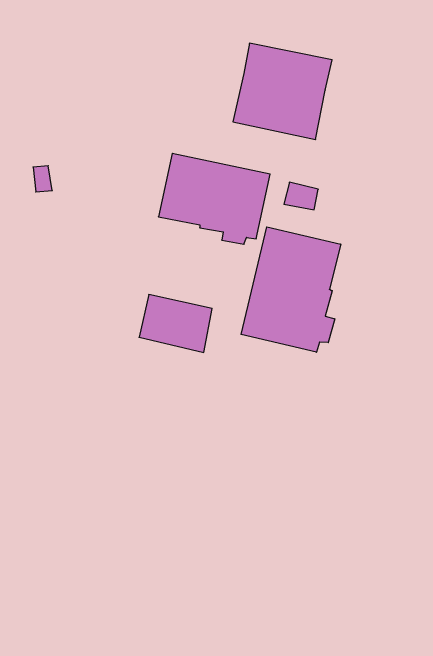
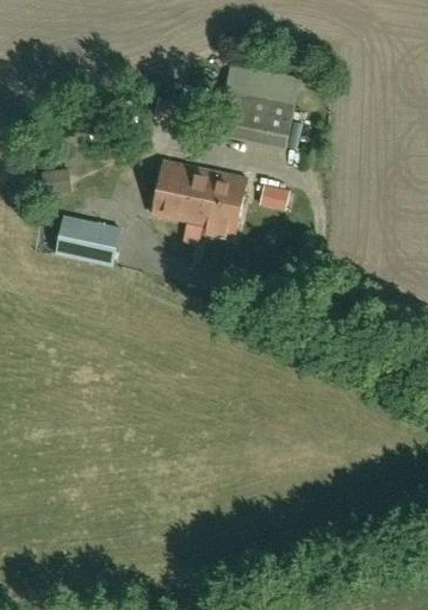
building: [241,227,341,352] -> none
building: [139,295,212,352] -> [56,216,119,266]

